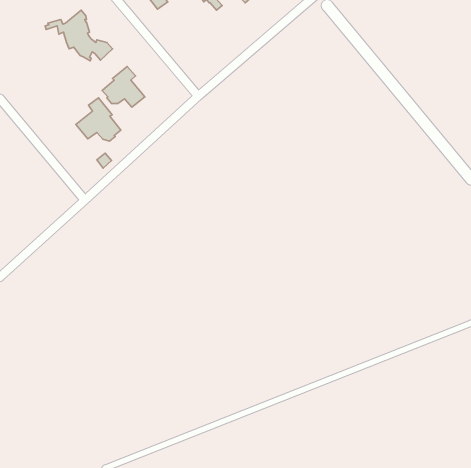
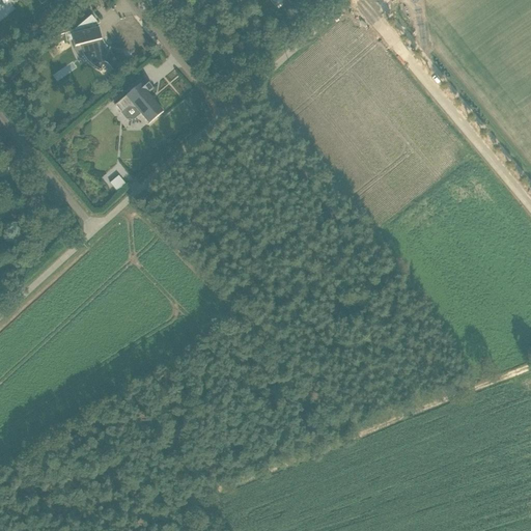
building: [76,98,121,141] -> none

